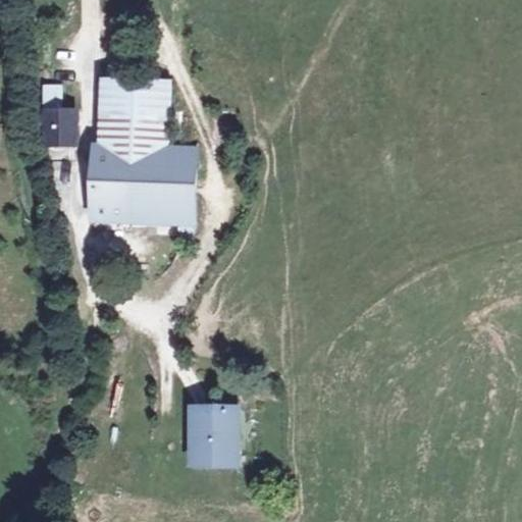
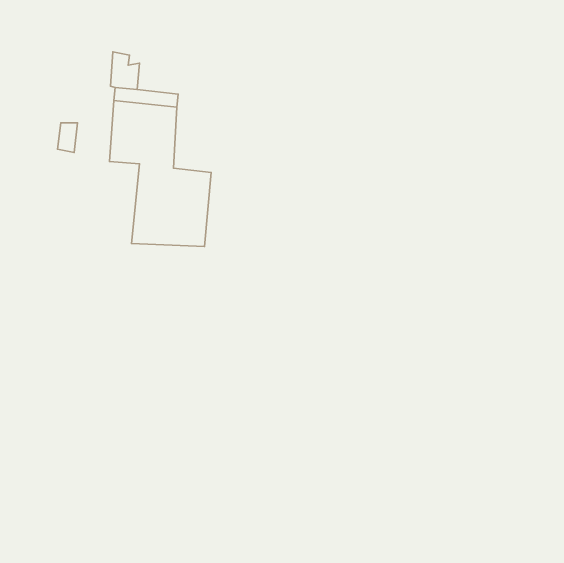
building: [87,148,128,224] -> none
building: [187,405,240,466] -> none

